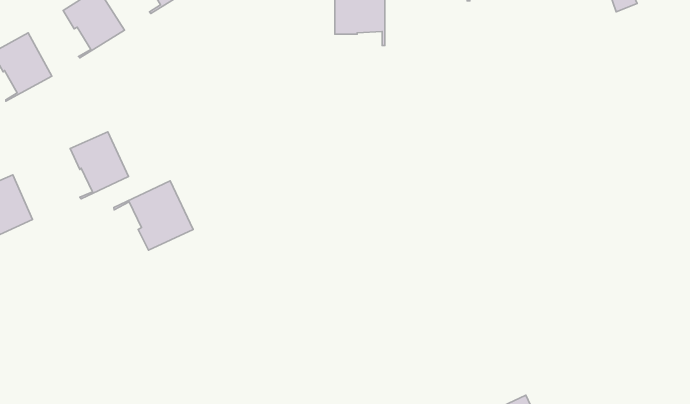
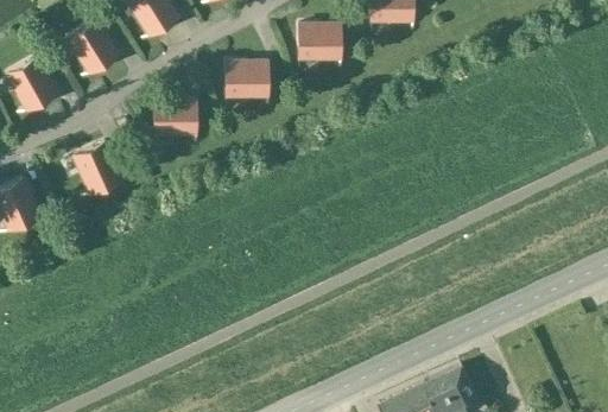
building: none -> [226,62,268,107]
building: none -> [154,100,196,145]
building: [114,181,193,250] -> none

